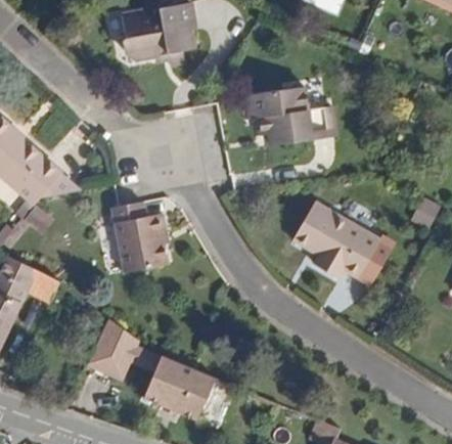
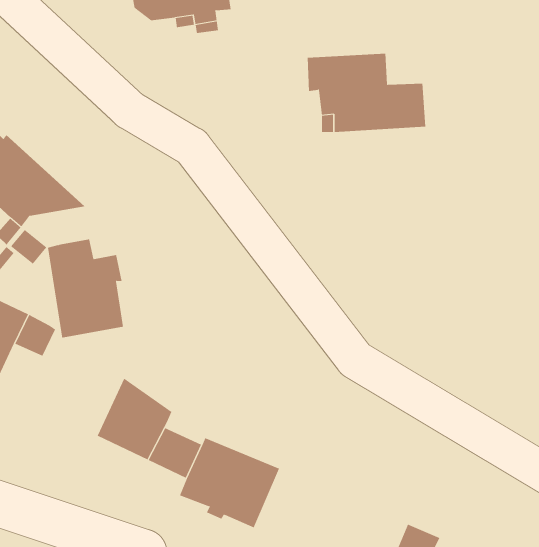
building: [114,204,169,275] -> [47,239,124,338]
building: [298,205,383,282] -> none

